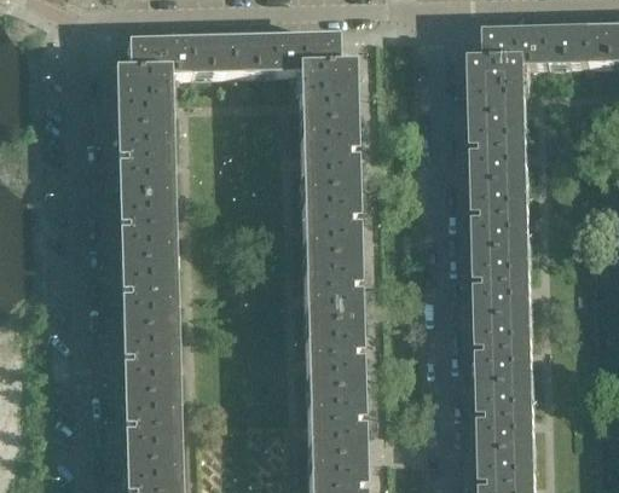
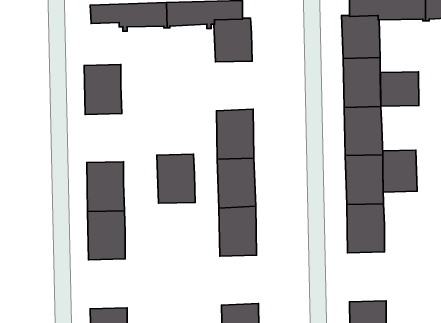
building: [116,64,169,123] -> none
building: [300,117,352,186] -> none
building: none -> [380,72,419,106]
building: [120,190,173,257] -> [157,154,195,203]
building: none -> [383,150,417,192]
building: [482,381,536,450] -> none
building: [306,385,359,454] -> none
building: [125,390,178,459] -> none

